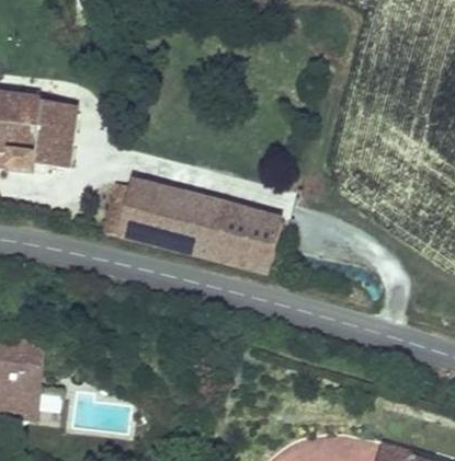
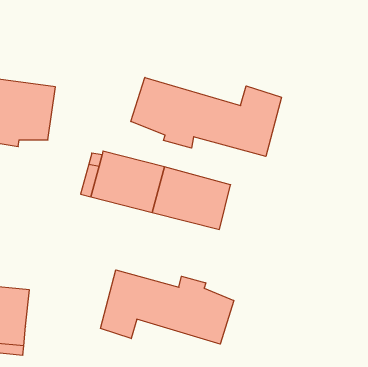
building: none -> [131,77,282,156]
building: none -> [100,270,234,344]

